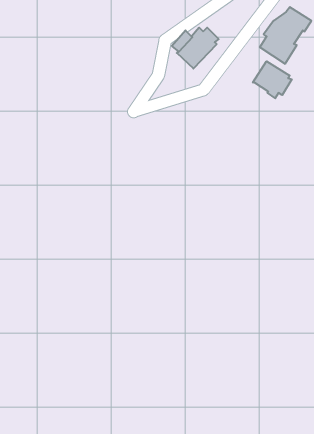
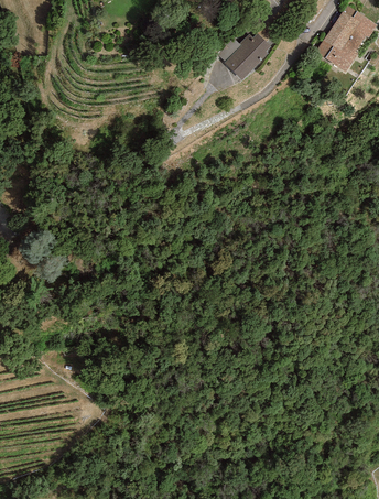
building: [253,61,292,98] -> none

